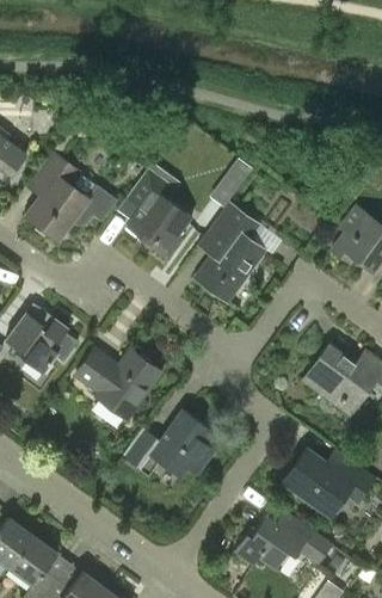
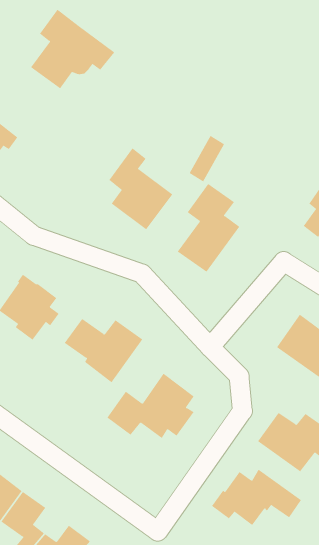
building: [26,154,117,240] -> [30,9,115,89]

